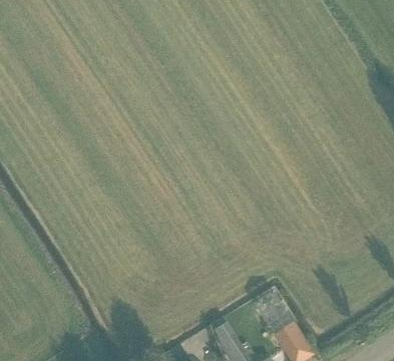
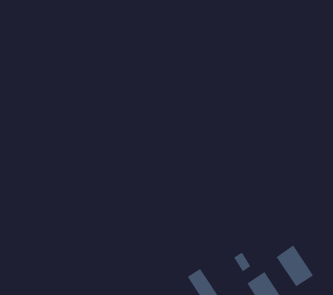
building: none -> [276,244,314,287]

